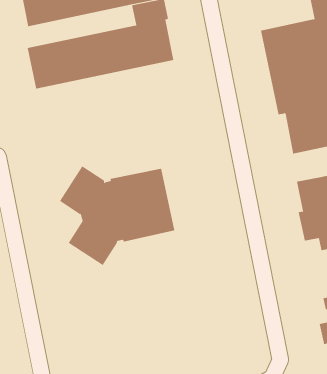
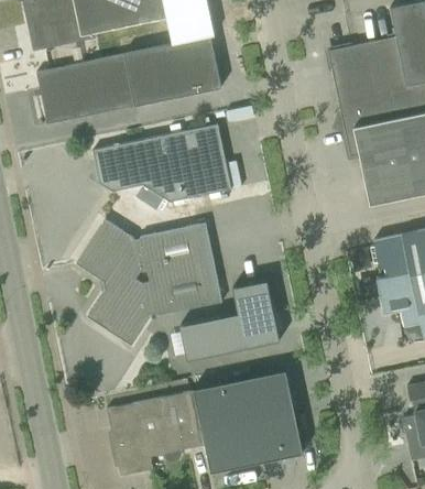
building: none -> [91,123,230,210]
building: none -> [179,282,280,361]
building: none -> [106,369,303,475]

